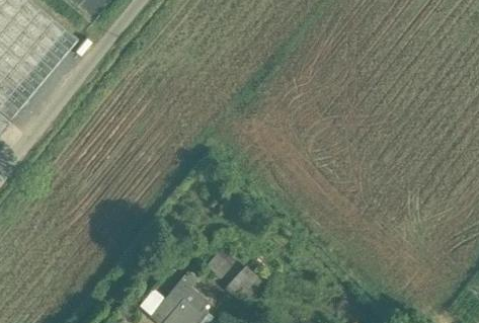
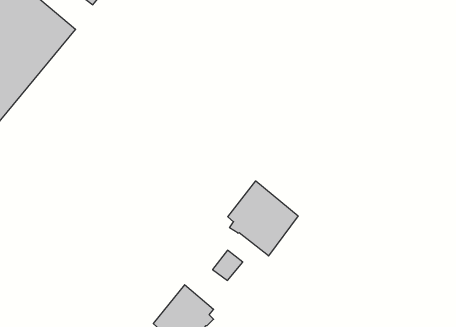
building: none -> [228,181,298,256]
building: [220,261,260,302] -> none

